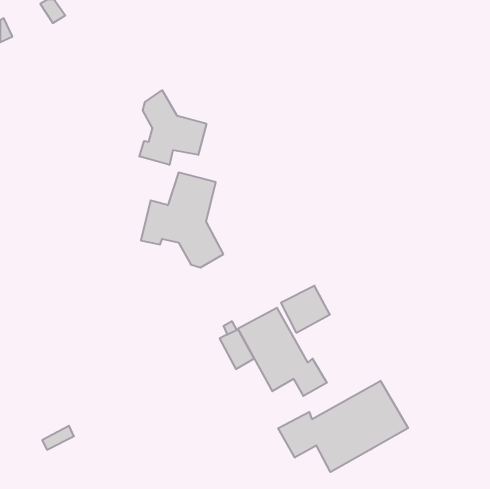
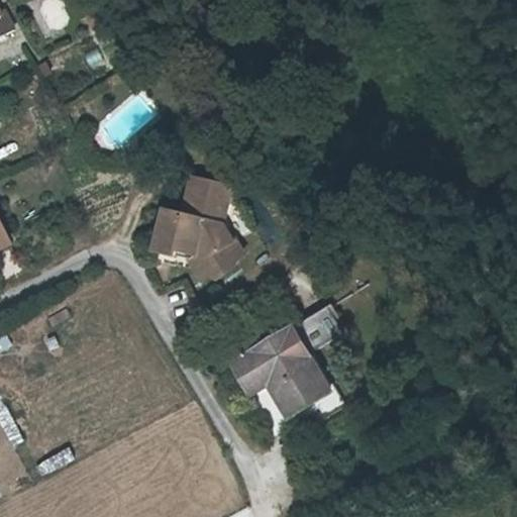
building: [139,90,206,165] -> none
building: [278,381,408,472] -> none

